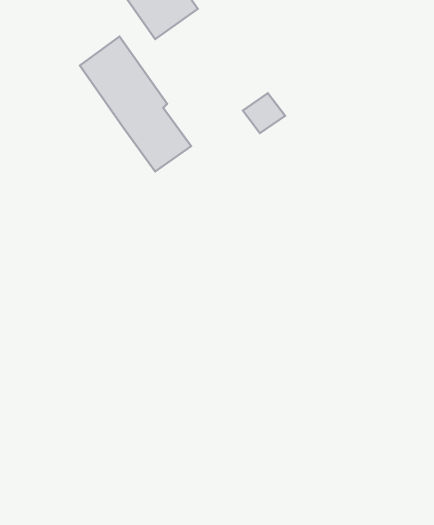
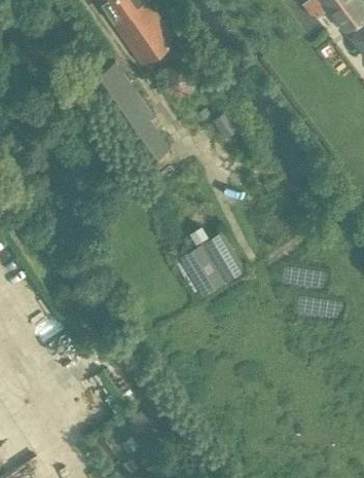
building: none -> [181,233,244,295]

